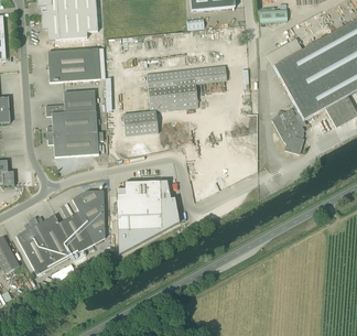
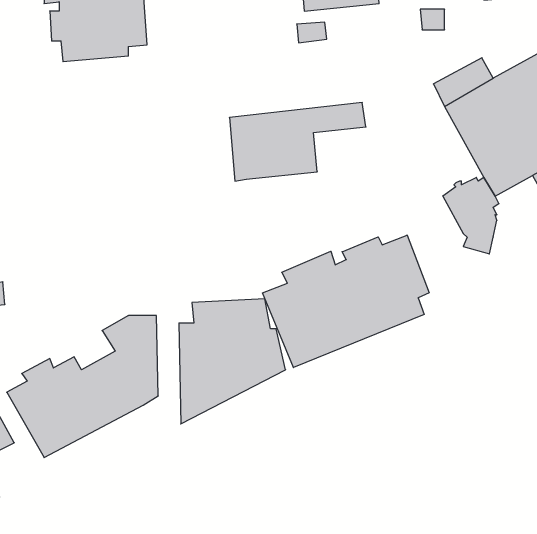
building: [47,47,100,82] -> none
building: [45,89,104,156] -> none
building: [122,109,159,136] -> none
building: none -> [262,235,429,368]

